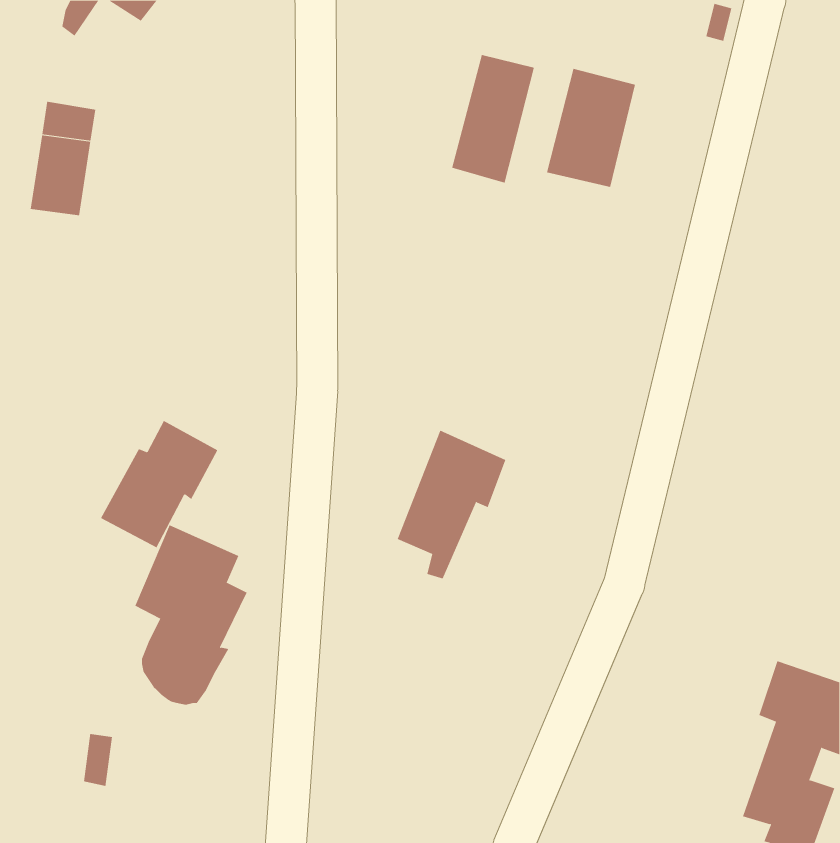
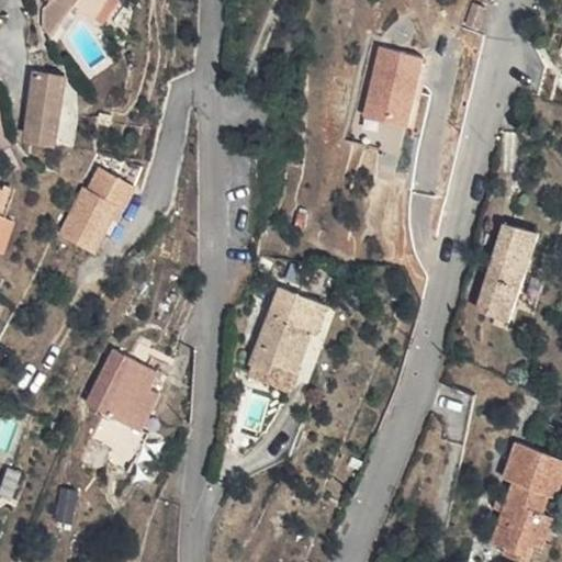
building: [451,54,534,183] -> none
building: none -> [474,224,536,321]
building: [100,420,218,548] -> [57,169,135,254]

